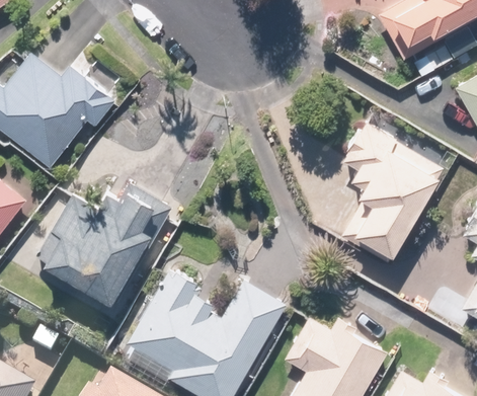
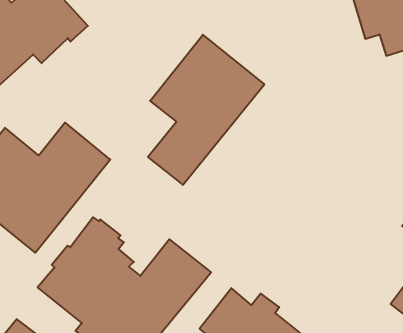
building: none -> [148,35,264,185]
building: [340,122,443,263] -> none

